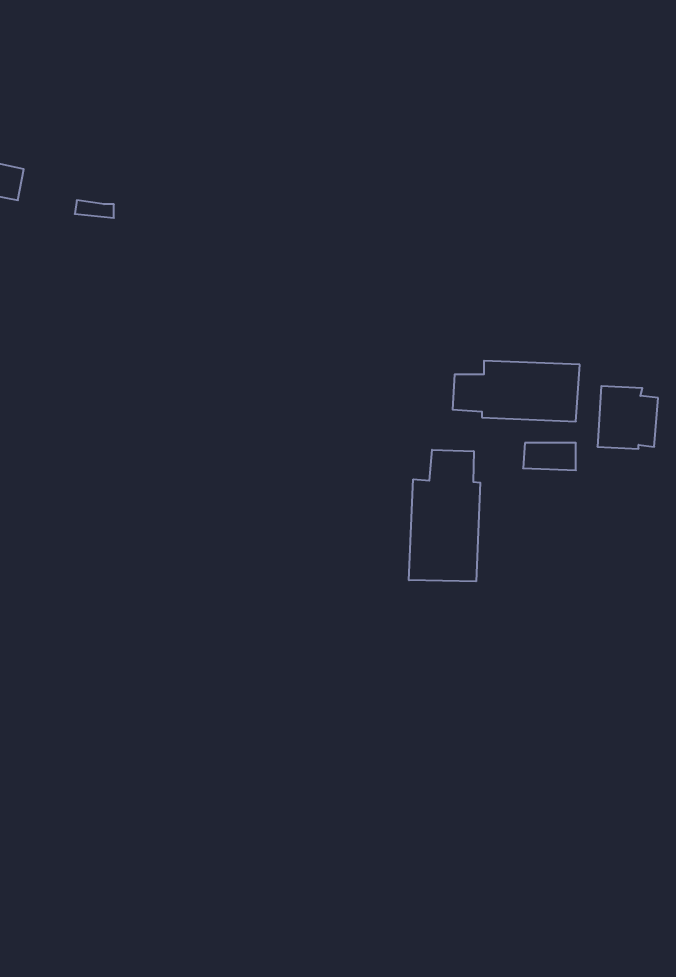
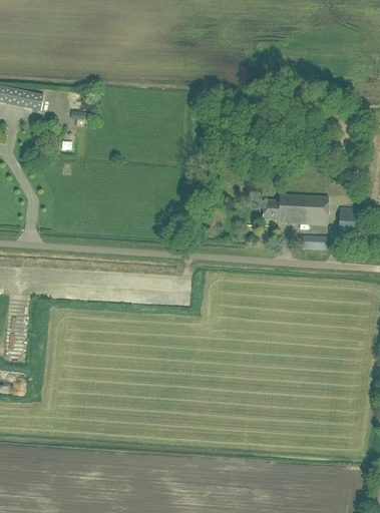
building: [409,450,480,581] -> none

